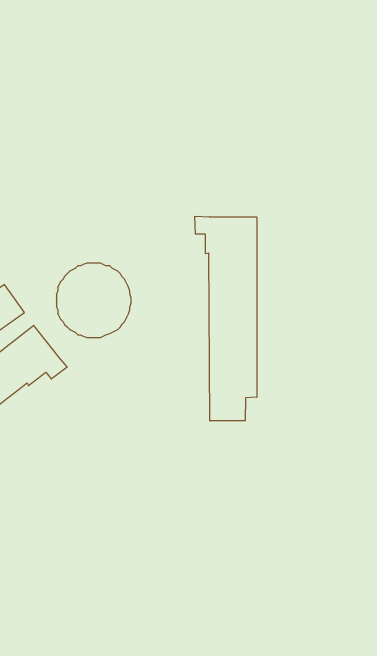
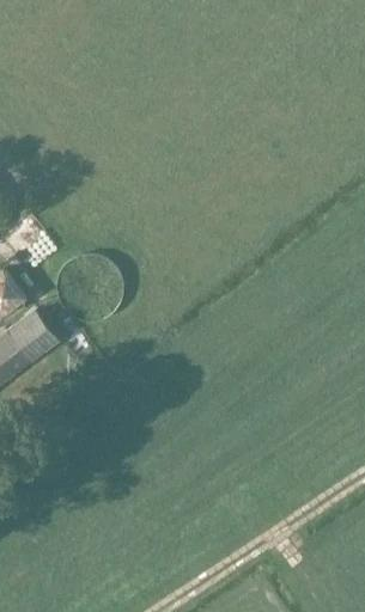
building: [195,216,257,421] -> none

